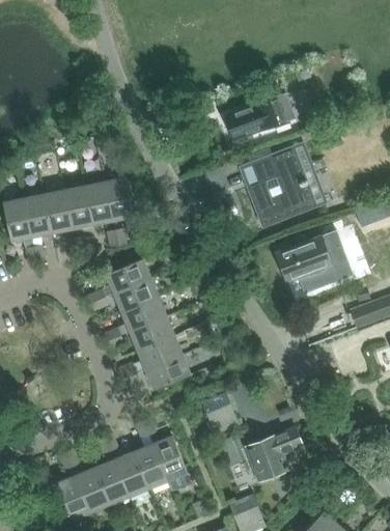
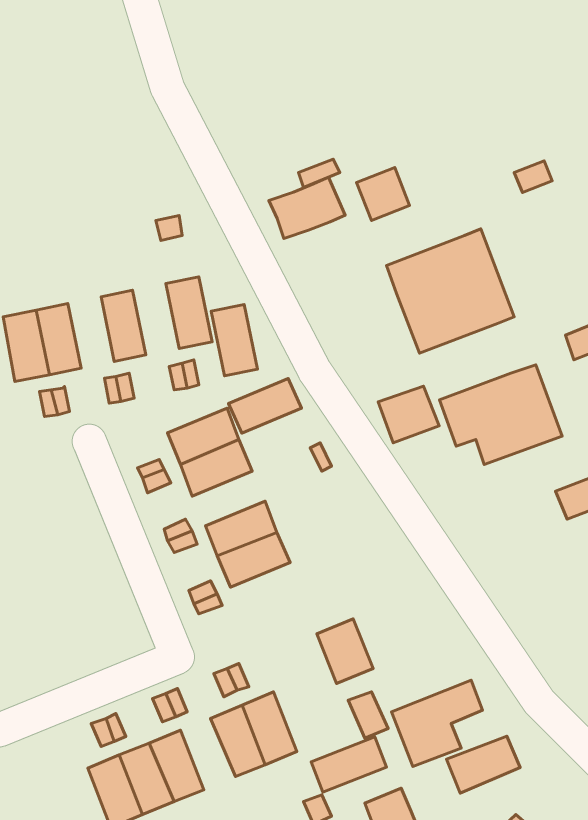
building: [248,93,296,132] -> [269,177,345,239]
building: [84,180,113,225] -> [211,304,258,376]
building: [44,189,73,233] -> none
building: none -> [378,386,439,443]
building: [121,298,167,332] -> [229,378,302,433]
building: [145,355,191,390] -> none
building: [114,452,148,497] -> none
building: none -> [447,736,520,793]
building: none -> [311,737,387,792]

